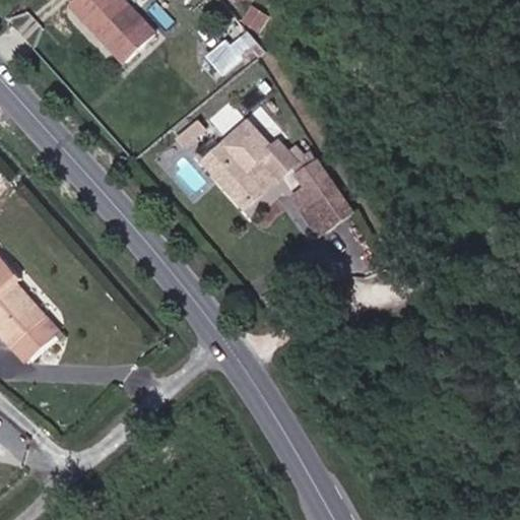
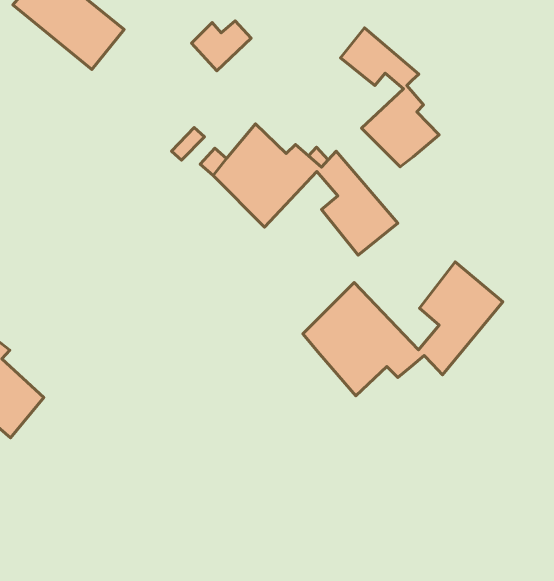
building: none -> [341,28,439,167]
building: none -> [303,262,503,396]

